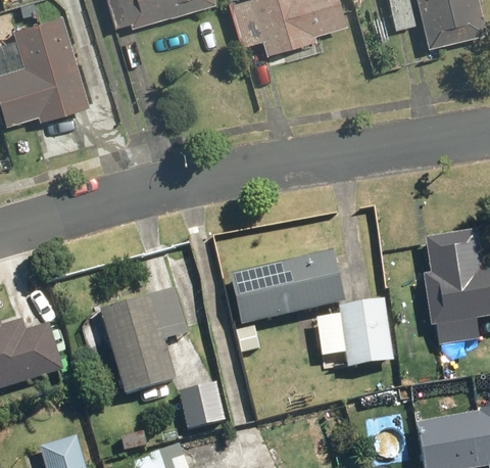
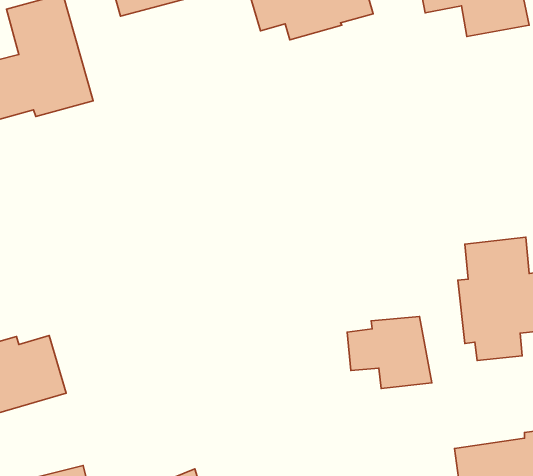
building: [230,250,343,325] -> none
building: [100,287,188,392] -> none
building: [177,379,228,429] -> none

